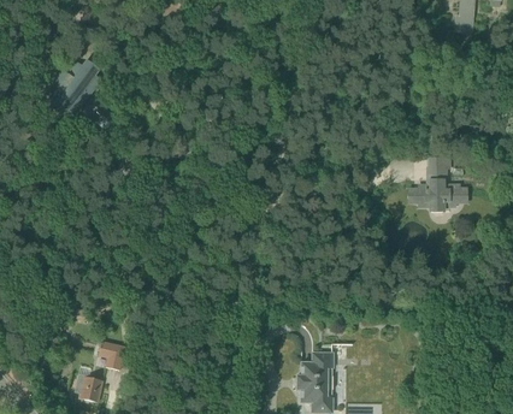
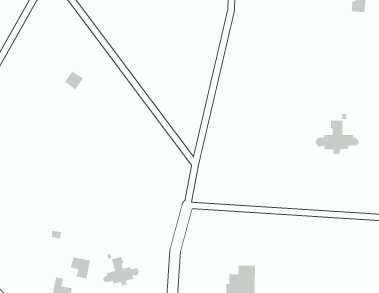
building: [49,61,100,116] -> none
building: none -> [103,253,140,286]

